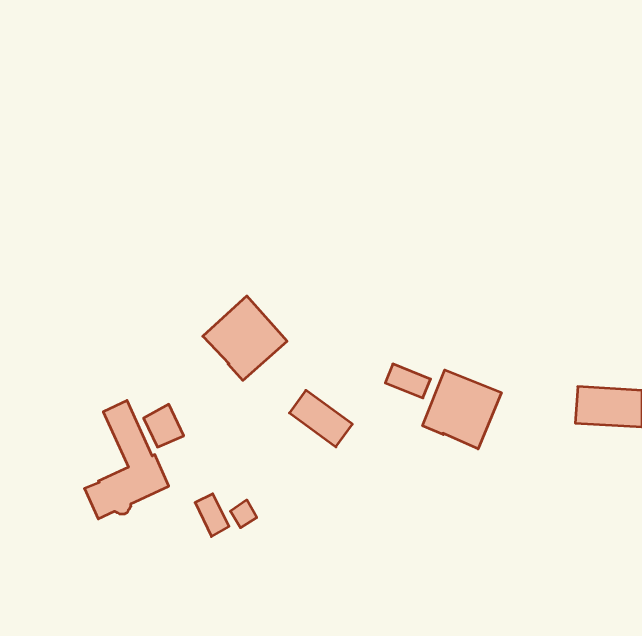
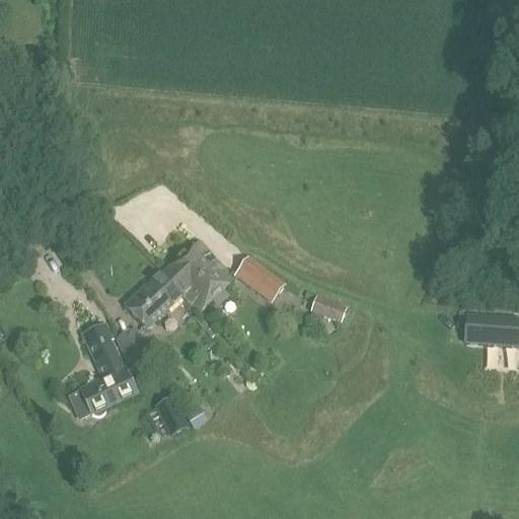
building: none -> [125,271,184,326]
building: [423,370,501,449] -> none
building: [289,390,352,447] -> [233,257,284,303]

